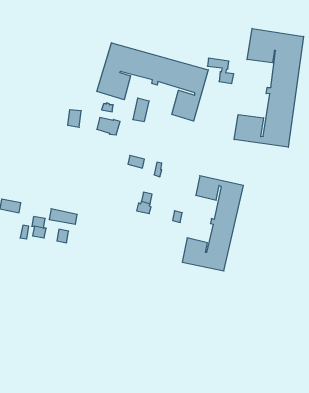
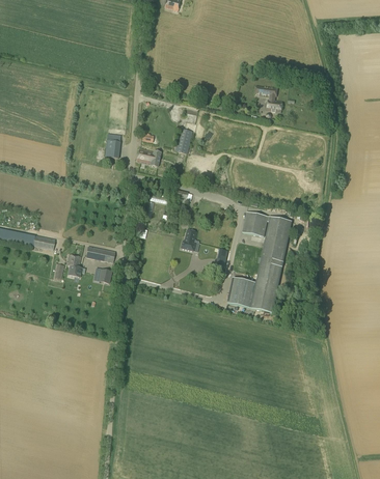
building: [234,28,304,147] -> none
building: [97,43,208,121] -> none

